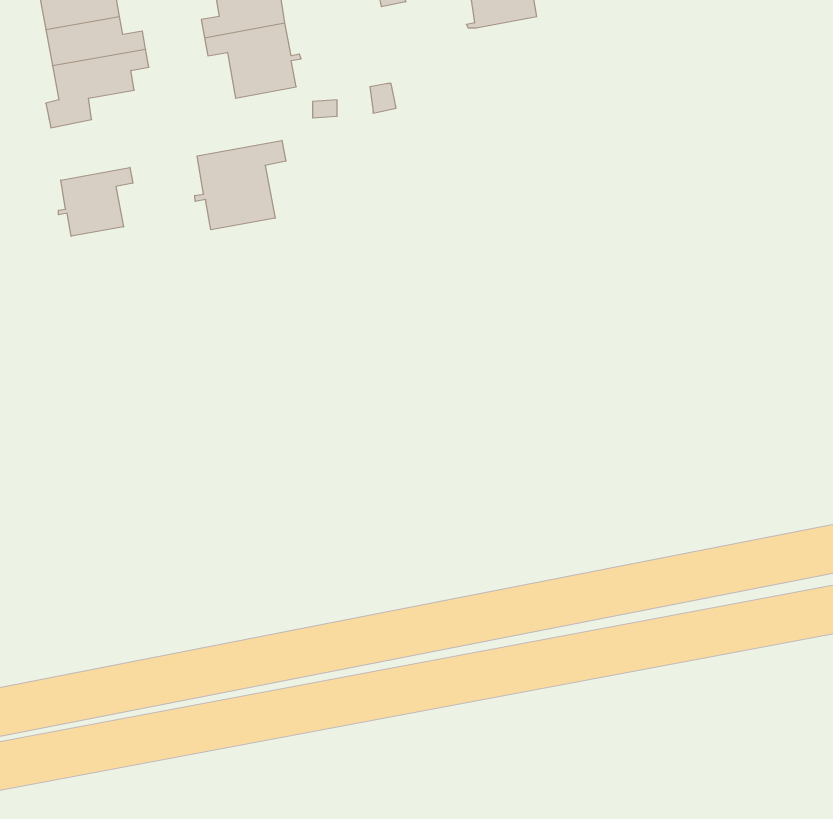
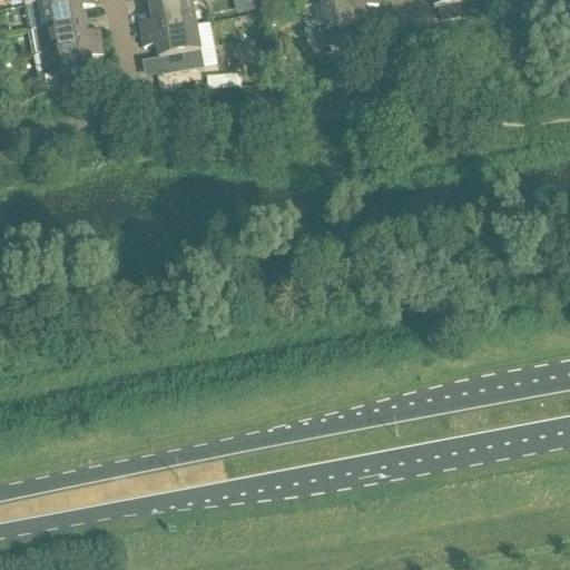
building: [195,140,286,230] -> none
building: [58,167,133,236] -> none

